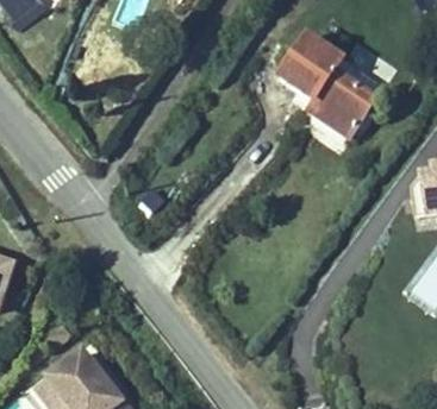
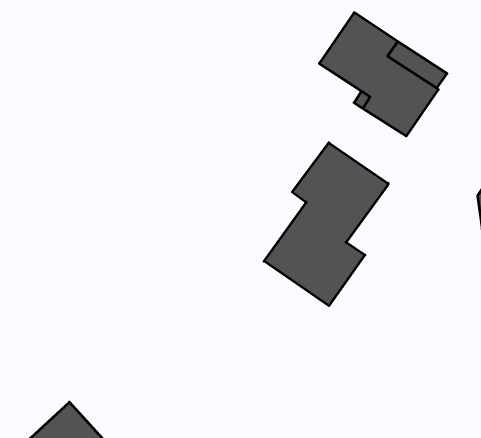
building: none -> [264,143,388,306]

